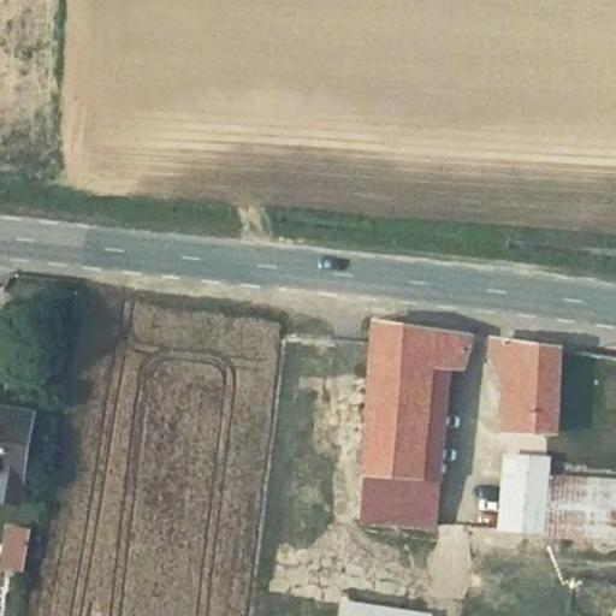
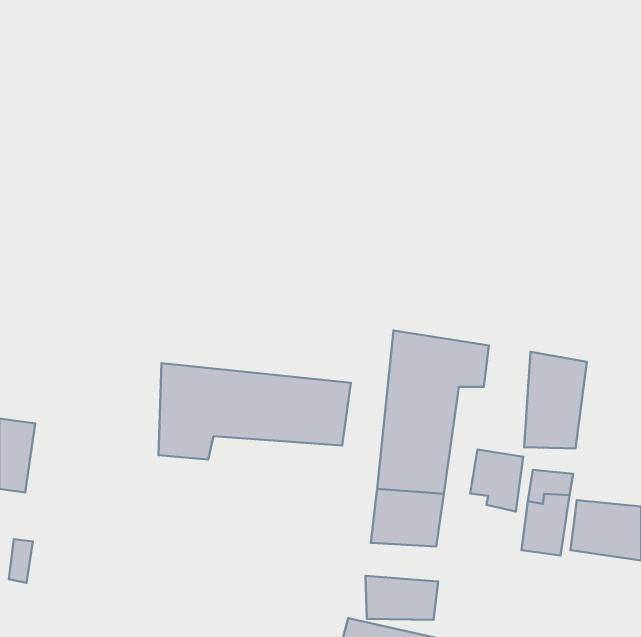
building: none -> [158,363,351,459]
building: none -> [470,449,523,511]
building: none -> [365,576,438,620]

